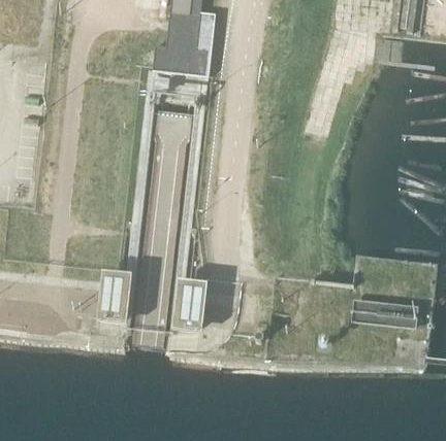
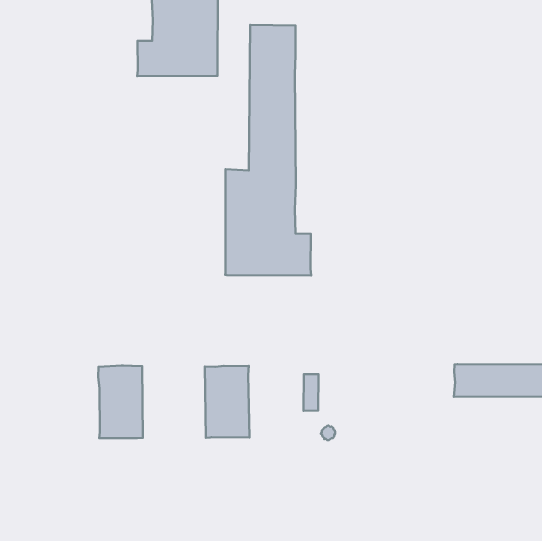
building: none -> [225,25,311,276]

